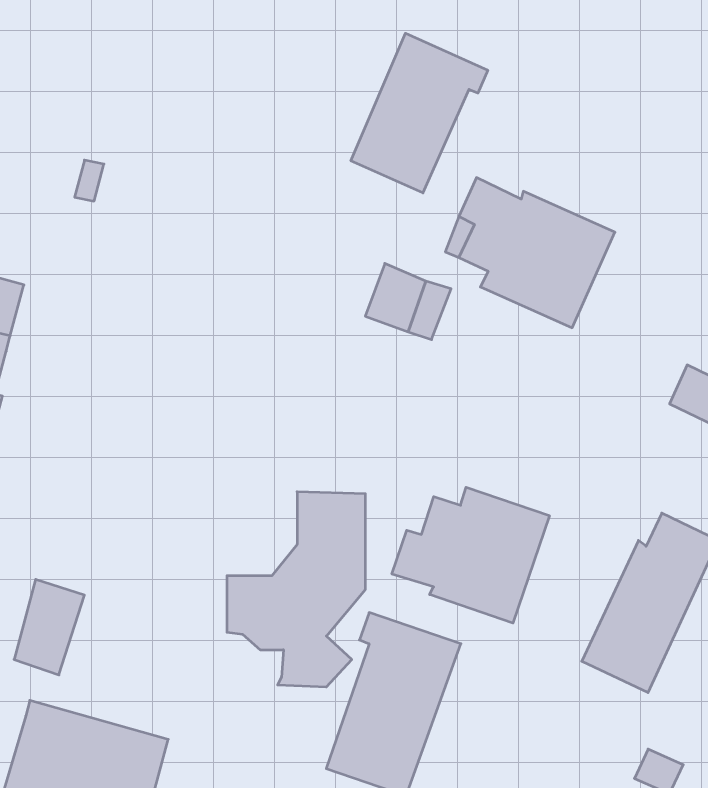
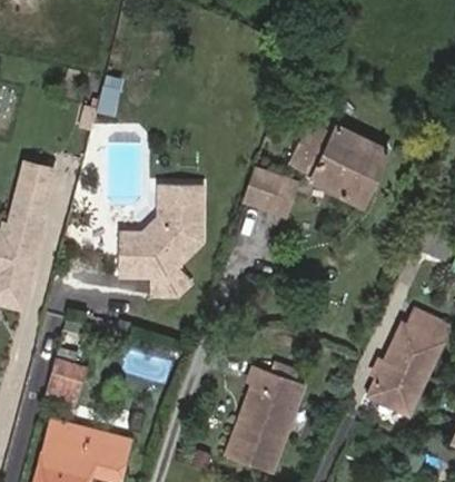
building: [351,33,488,193] -> none
building: [392,487,549,623] -> none
building: [227,492,365,687] -> [121,188,200,299]

